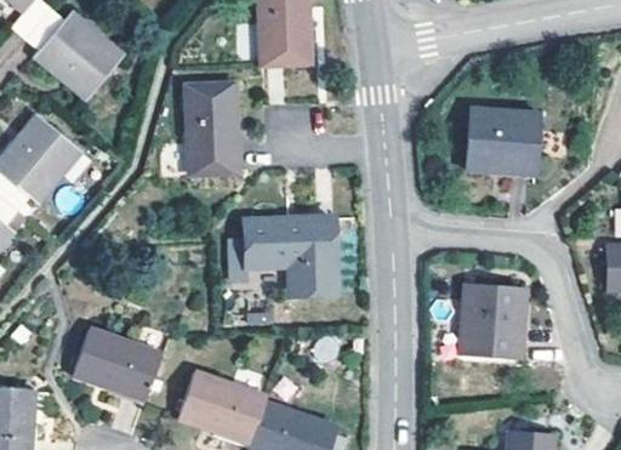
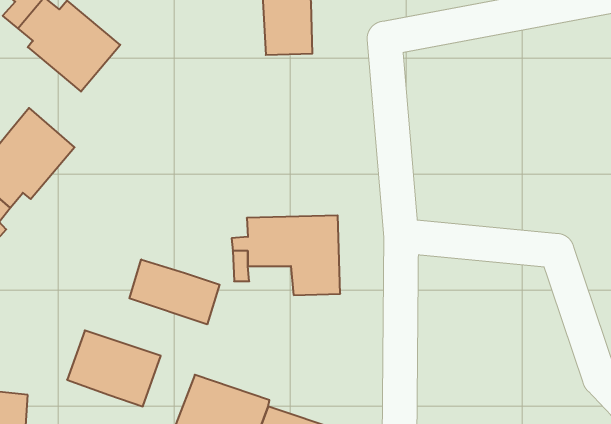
building: [186,85,237,173] -> none
building: [467,109,539,171] -> none
building: none -> [129,259,220,324]
building: [458,285,526,358] -> none

